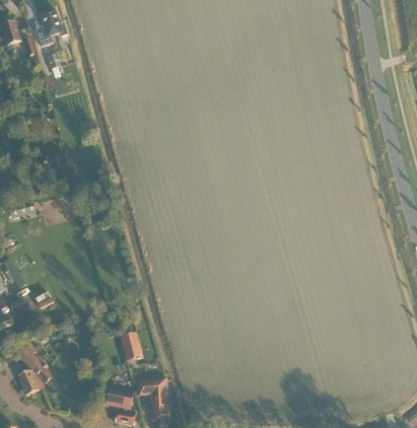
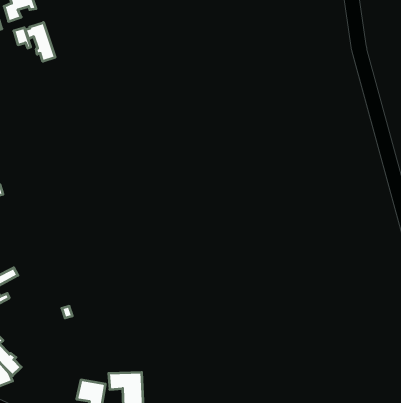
building: none -> [26,22,55,61]
building: [119,332,142,360] -> none

